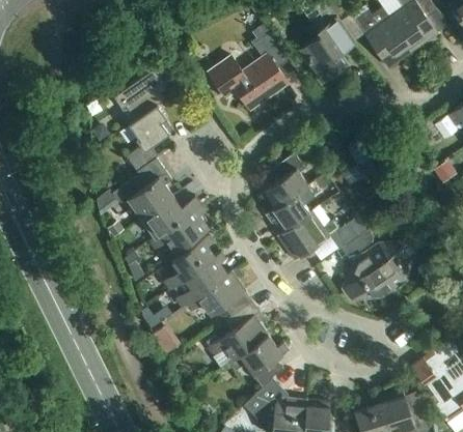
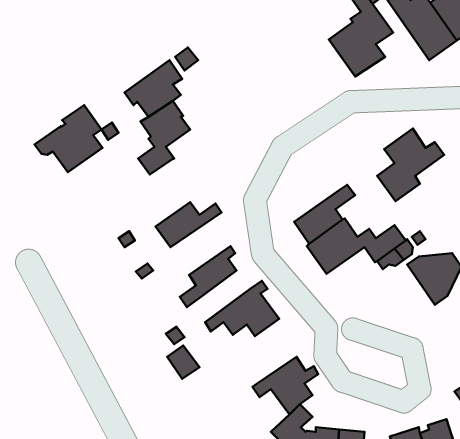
building: [209,33,290,110] -> none
building: [262,153,308,210] -> none
building: [112,159,173,219] -> [34,105,102,172]
building: [149,206,210,254] -> none
building: [175,253,227,308] -> none
building: [345,253,393,299] -> none
building: [209,301,269,359] -> none

